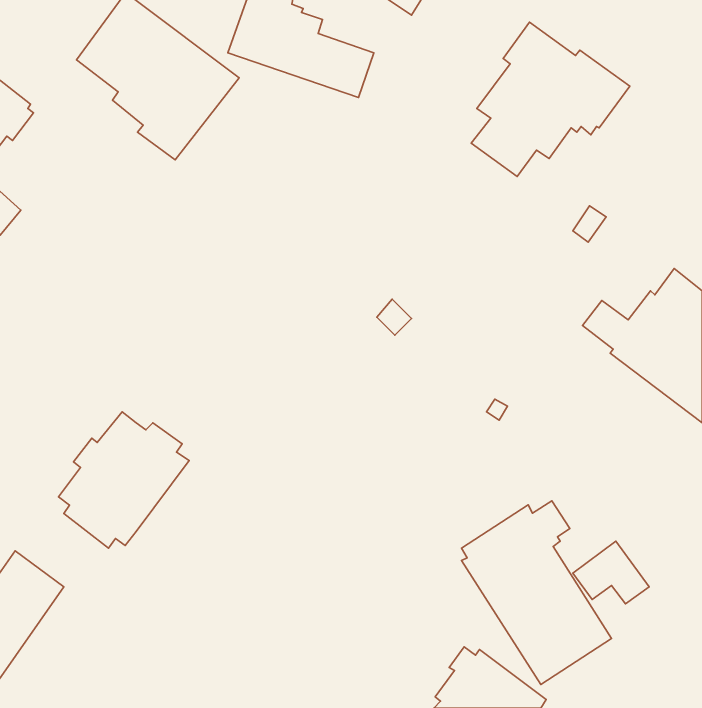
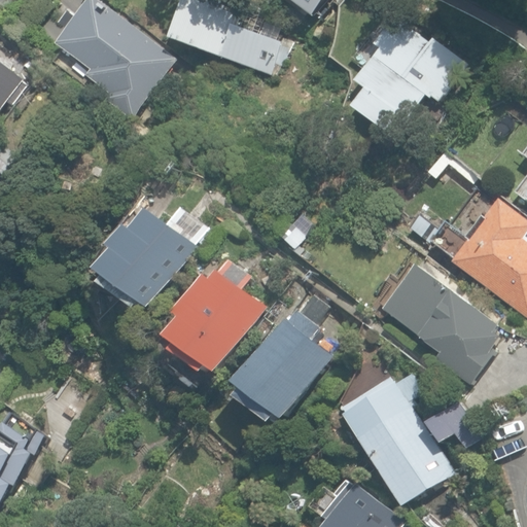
building: none -> [167,259,266,373]
building: none -> [383,266,499,386]
building: [58,412,189,548] -> [100,209,197,310]
building: none -> [234,309,330,422]

